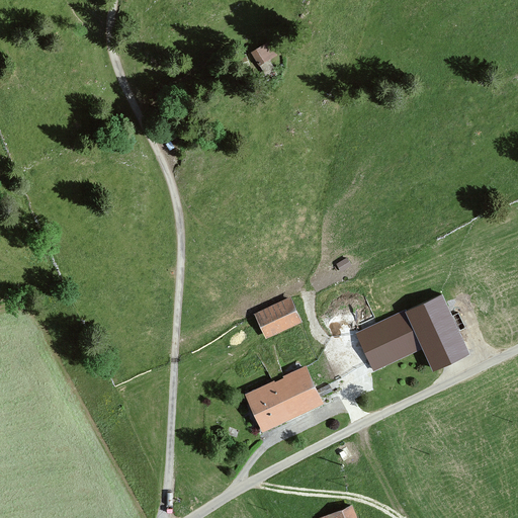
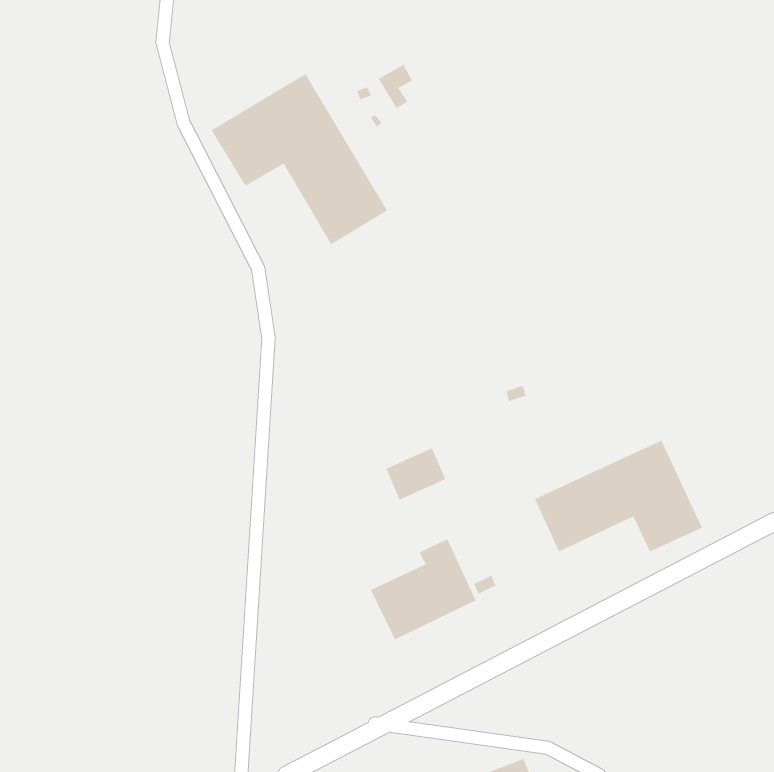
building: none -> [211,73,388,245]

